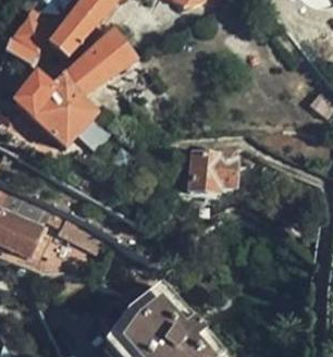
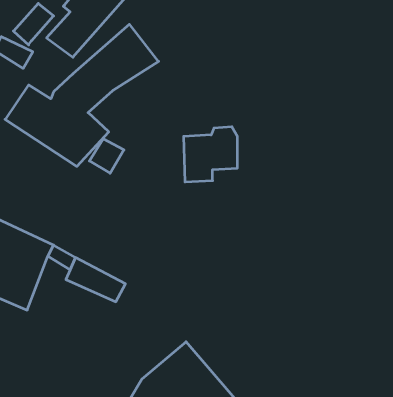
building: [192,145,234,188] -> [184,127,237,182]

